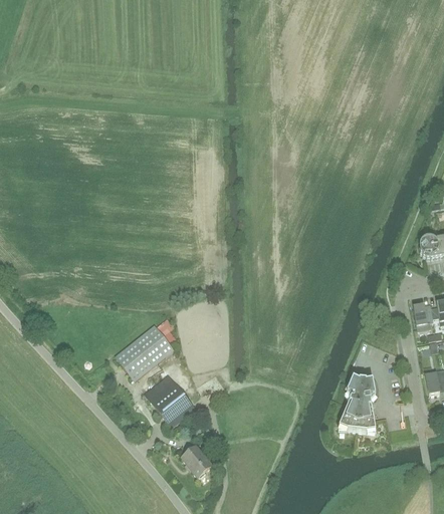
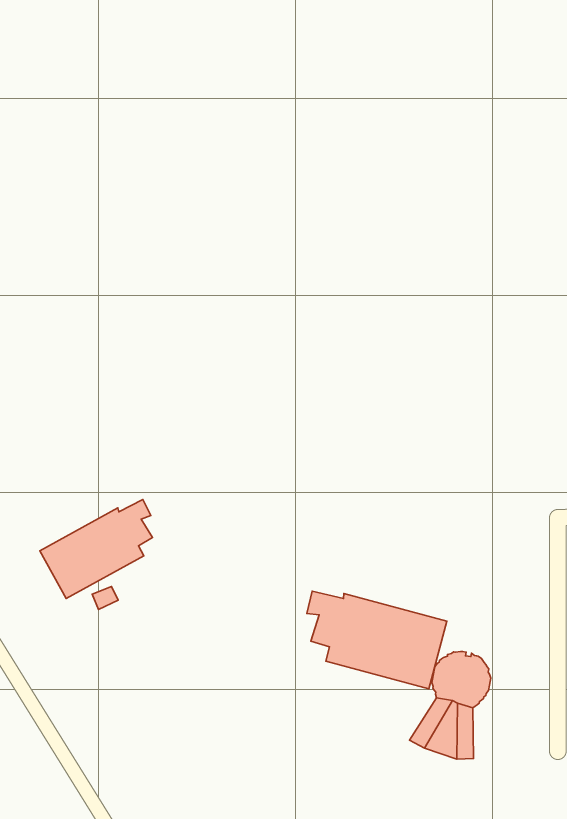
building: none -> [307,591,447,689]
building: [146,373,196,425] -> none
building: [183,445,213,477] -> none

